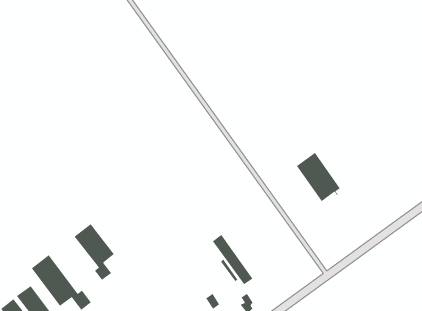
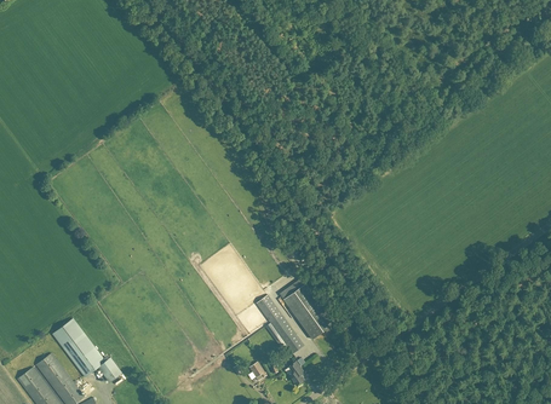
building: [296,152,341,202] -> [283,283,334,340]
building: [74,223,115,281] -> none

